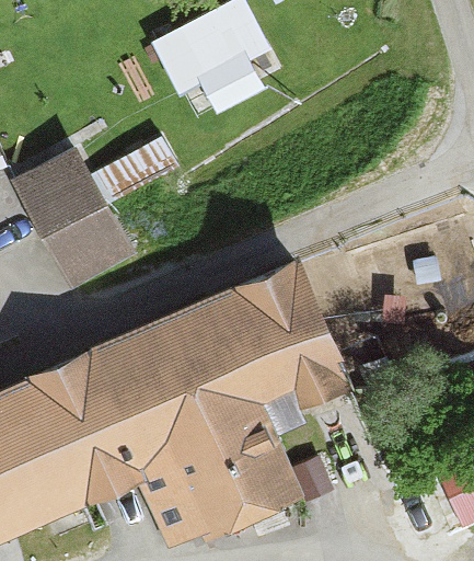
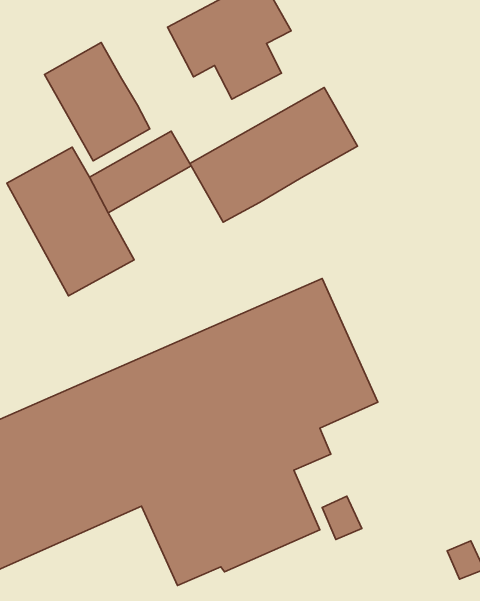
building: none -> [45,42,150,161]
building: none -> [190,87,358,222]

